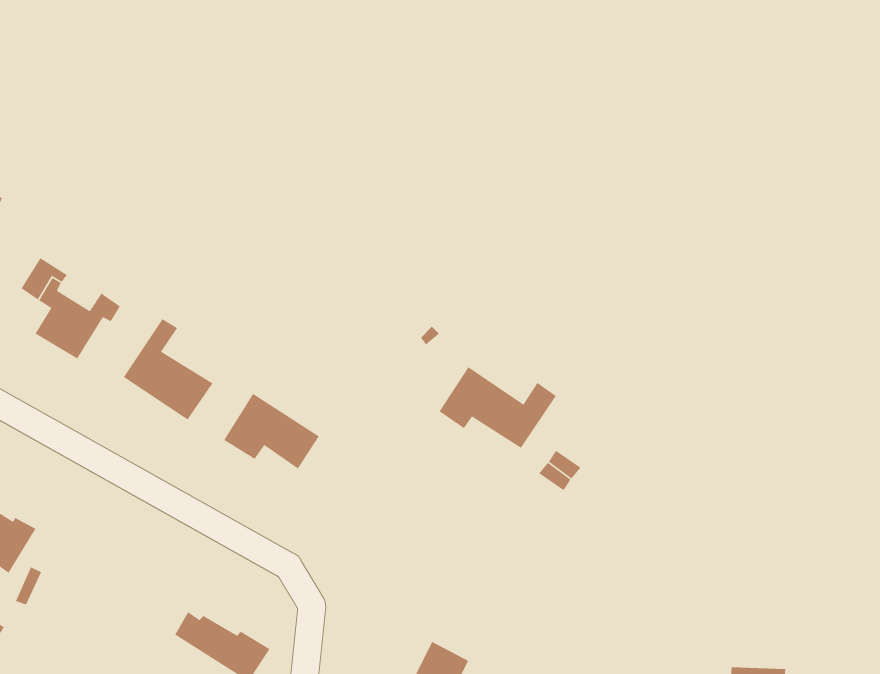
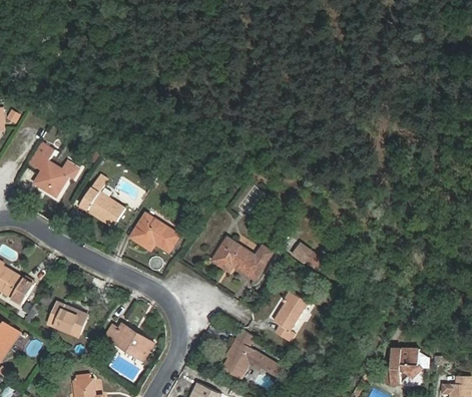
building: [439,366,557,449] -> [212,237,273,279]
building: none -> [274,290,309,341]
building: none -> [48,306,87,336]

